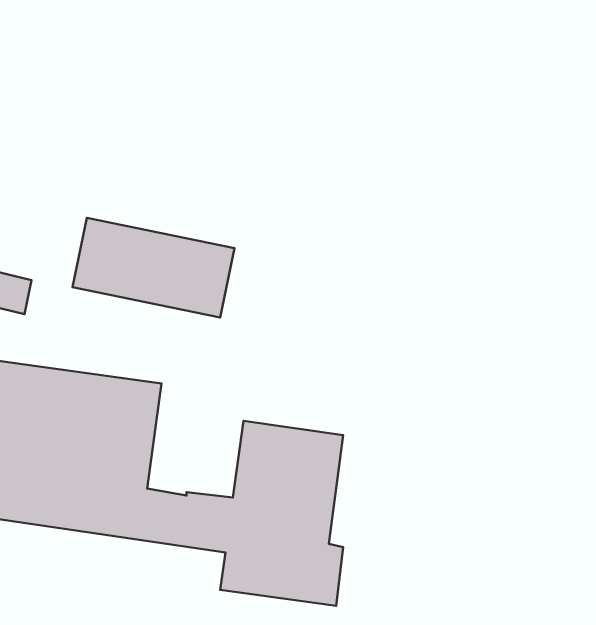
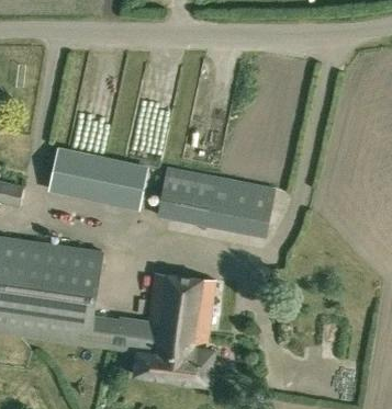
building: none -> [156,169,275,238]

